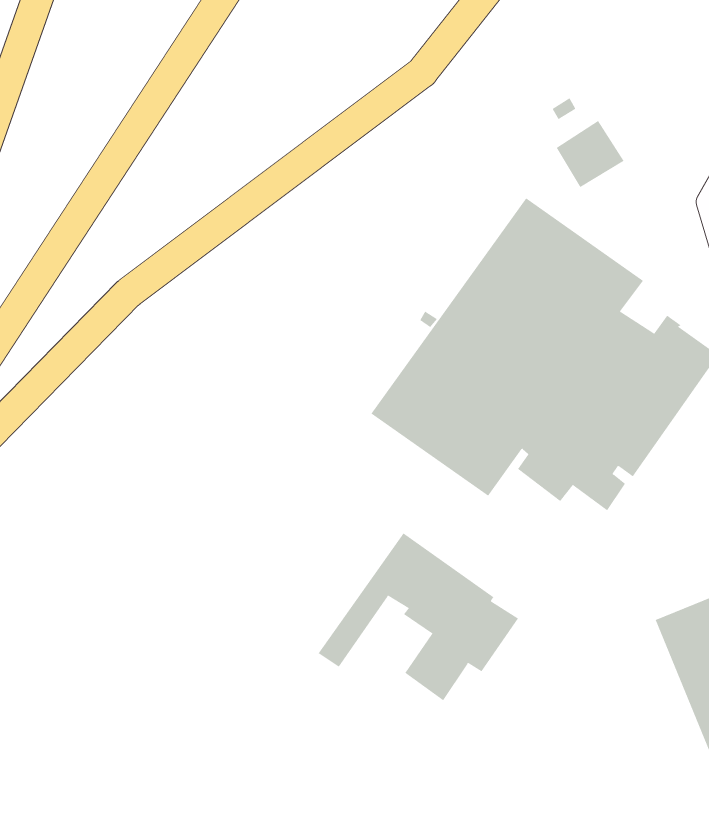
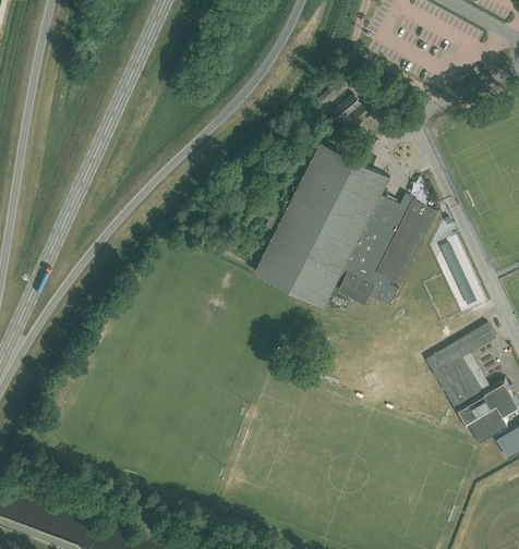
building: [318,532,519,701] -> none

